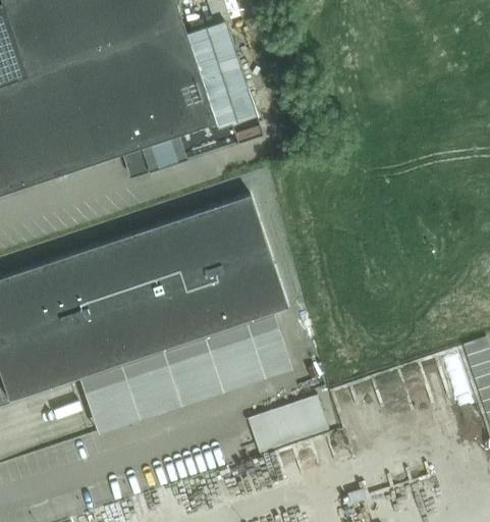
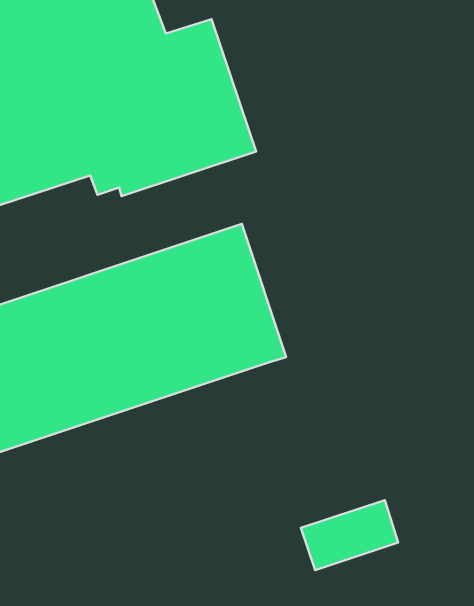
building: [77,311,292,433] -> none
building: [246,394,328,453] -> [301,500,398,570]

